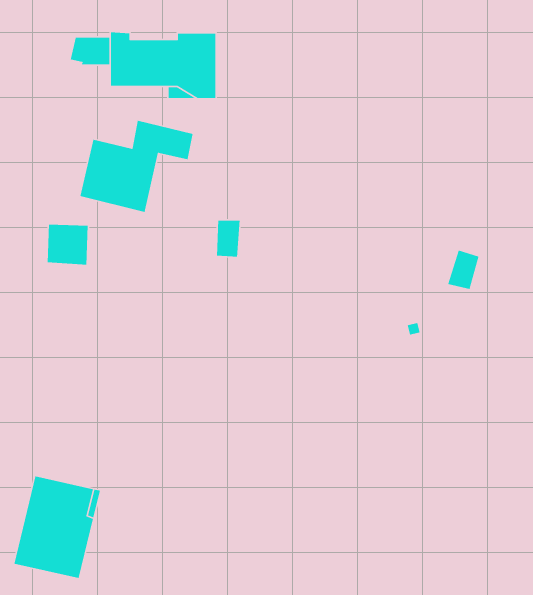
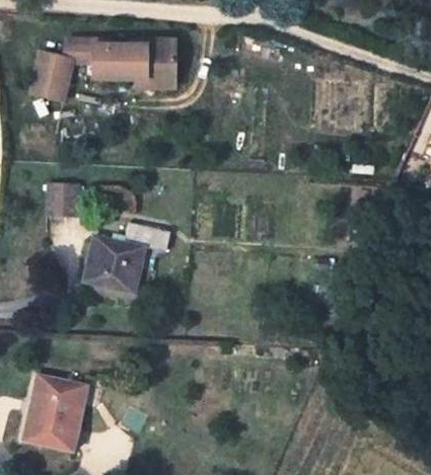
building: none -> [32,54,74,100]
building: [79,120,194,213] -> [85,221,171,291]

